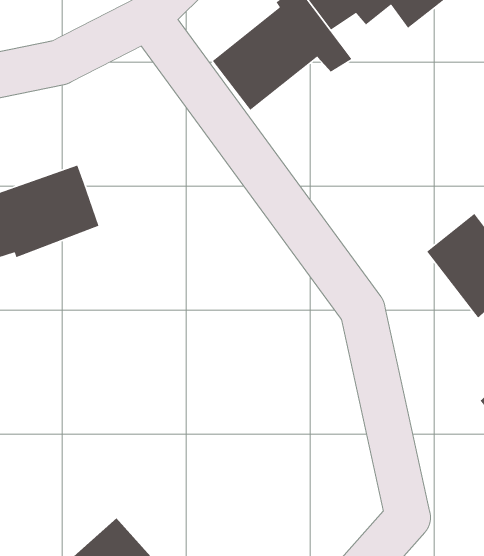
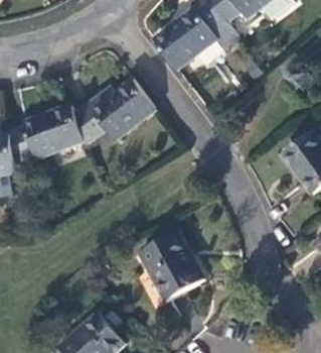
building: none -> [76,78,155,144]
building: none -> [139,233,204,303]

